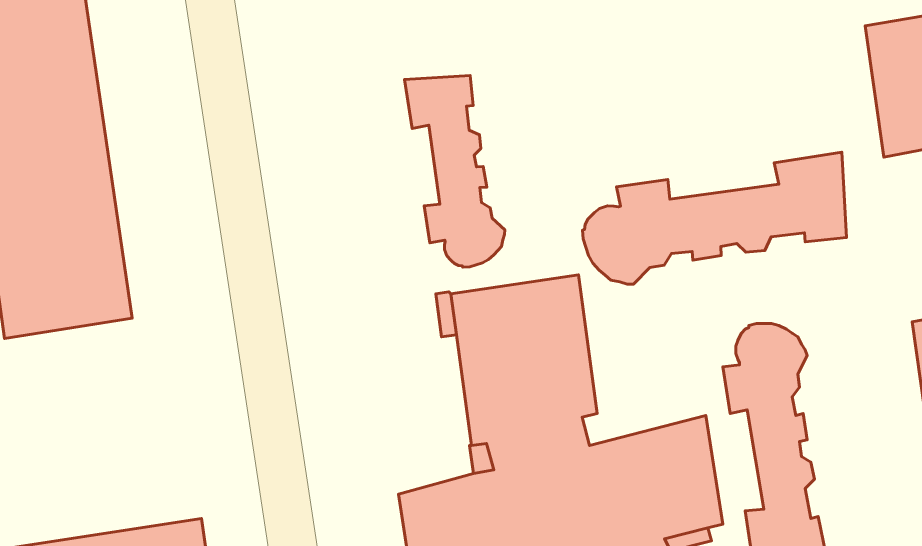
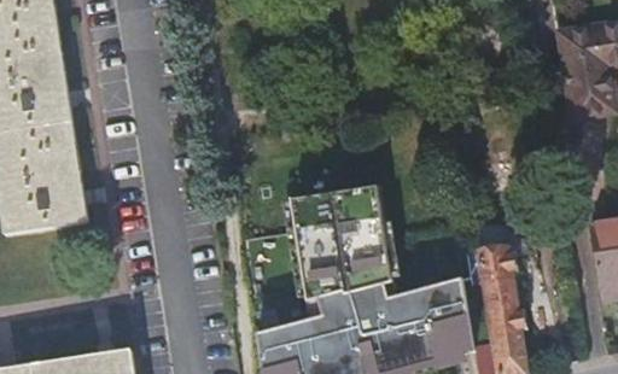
building: [404,76,505,267] -> none
building: [583,152,847,284] -> none

